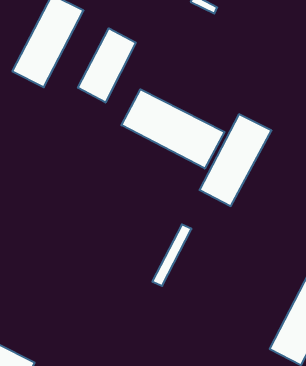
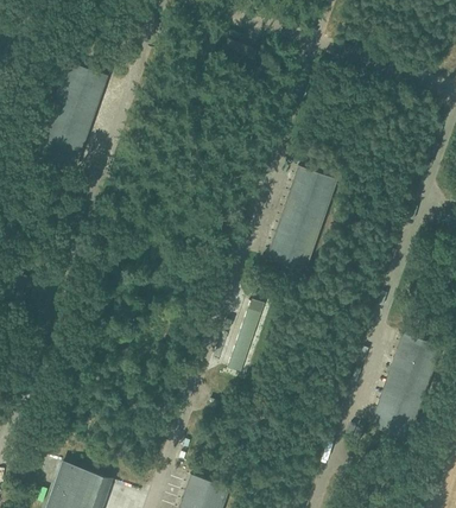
building: [78,28,136,103] -> none
building: [121,89,225,169] -> none

